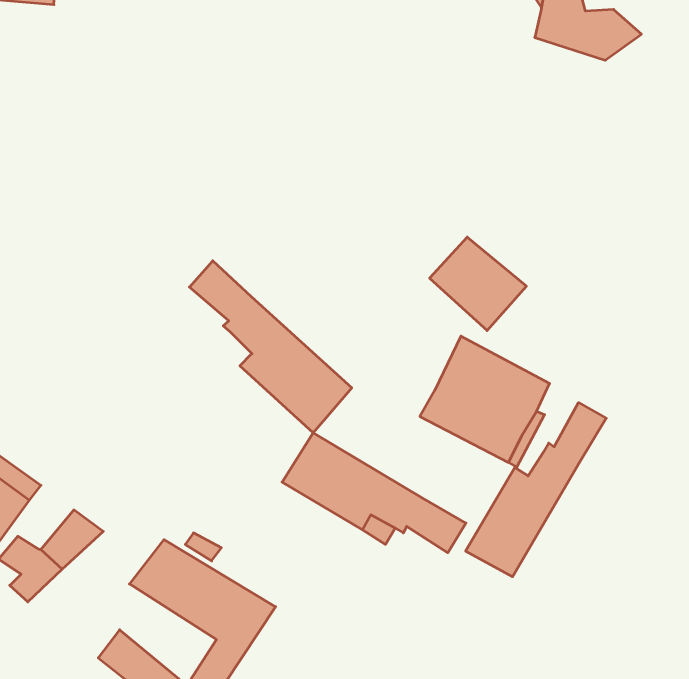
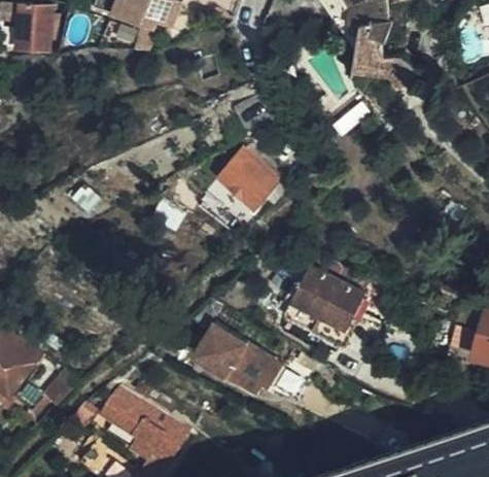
building: [430,237,526,331] -> [218,150,279,209]
building: [189,261,352,433] -> none
building: [466,403,606,577] -> none

